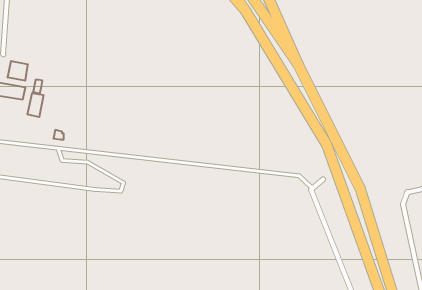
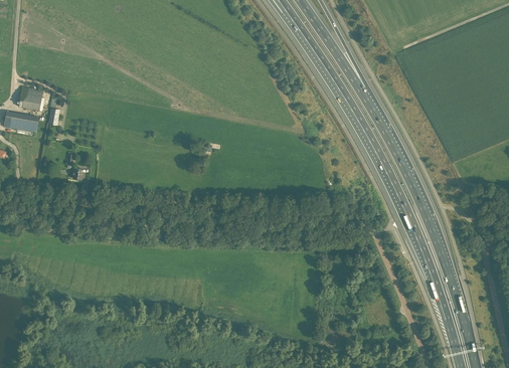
building: [28,93,43,117] -> none

